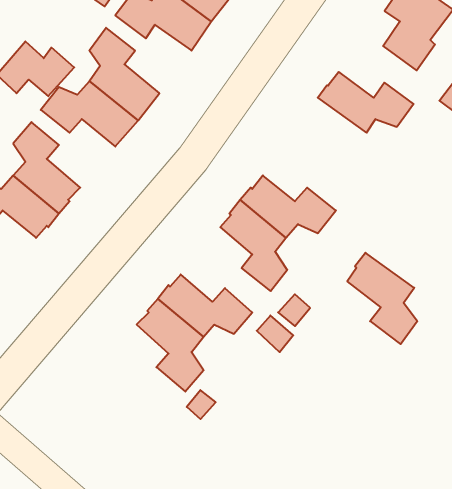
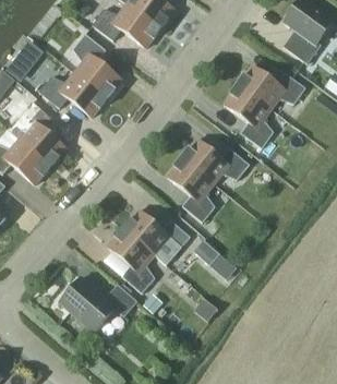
building: [347,253,417,344] -> [224,83,274,148]
building: none -> [59,276,136,332]

